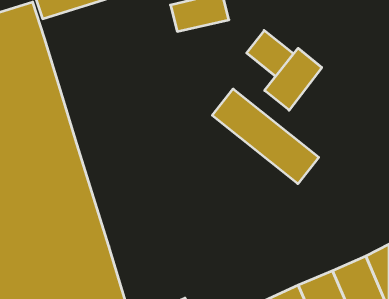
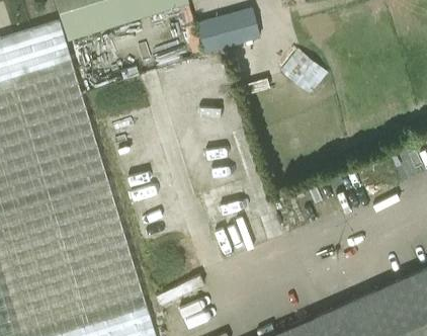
building: [265,48,322,110] -> none
building: [212,89,319,184] -> none

